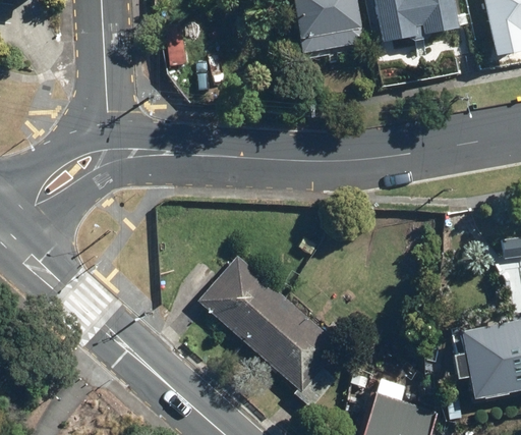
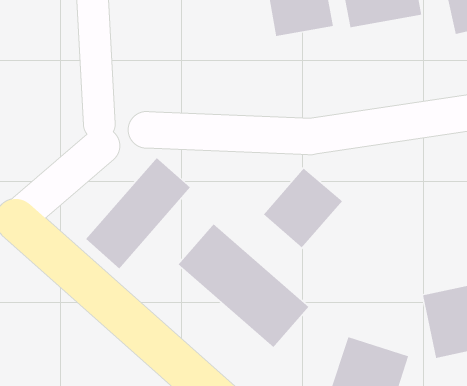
building: none -> [85,157,191,269]
building: none -> [263,168,343,249]

